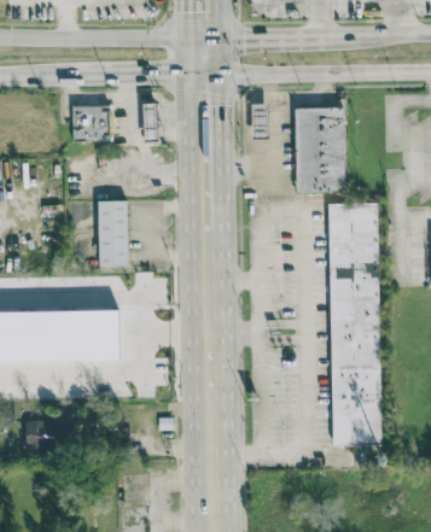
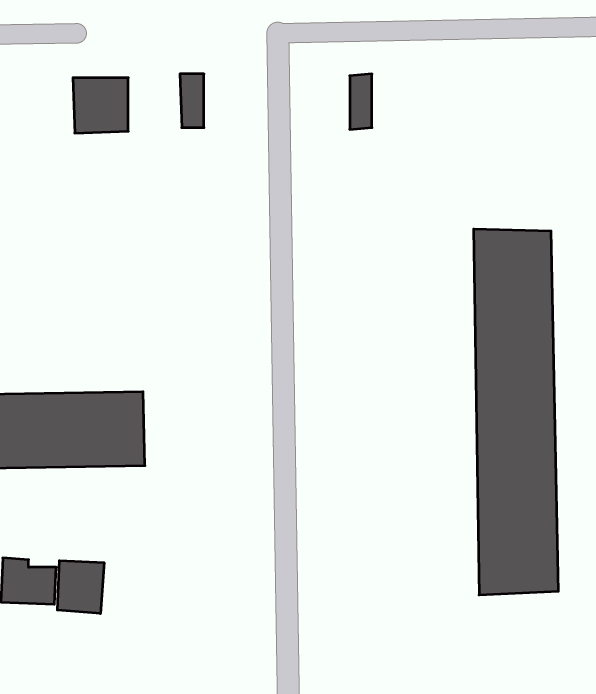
building: [293,106,343,189] -> none
building: [95,199,126,263] -> none
building: none -> [57,561,104,614]

